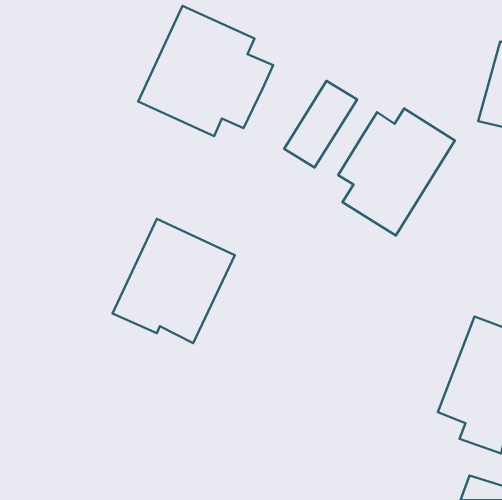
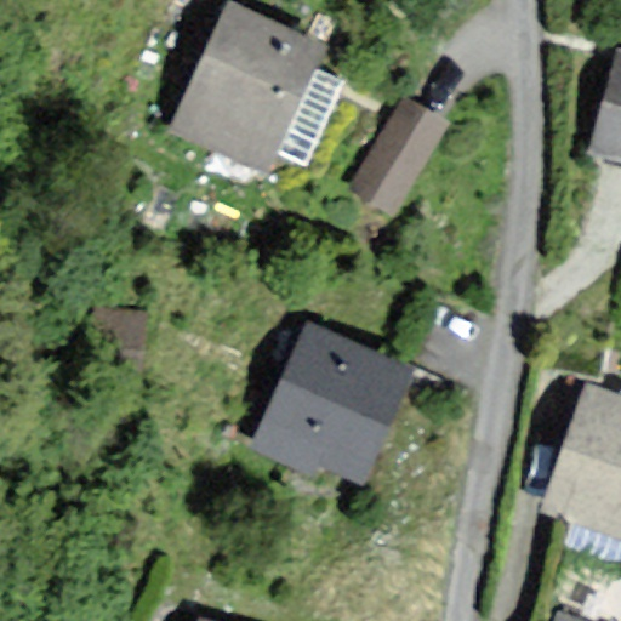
building: [338,109,455,236] -> none
building: [112,219,235,343] -> [252,326,403,479]

